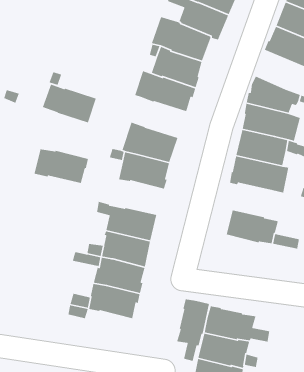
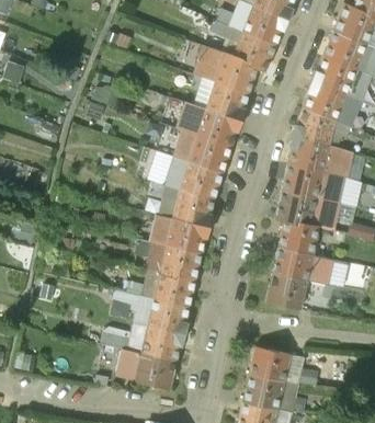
building: none -> [303,81,345,122]
building: [42,83,97,123] -> [174,130,231,172]
building: [34,148,89,184] -> [151,215,208,252]
building: none -> [279,219,319,254]
building: none -> [265,273,306,309]
building: [176,298,210,362] -> none
building: none -> [135,352,175,388]

